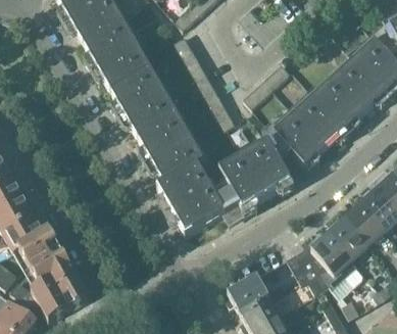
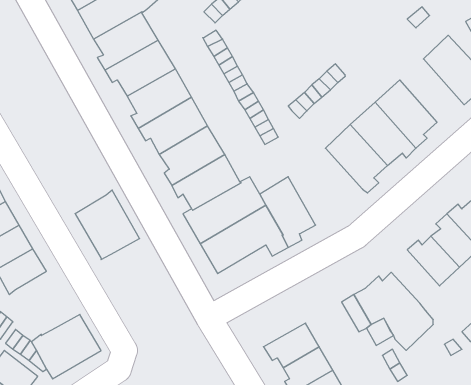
building: [335,57,388,109] -> none
building: [243,140,293,194] -> none
building: [328,214,367,258] -> none
building: [18,228,71,285] -> [75,190,140,260]

